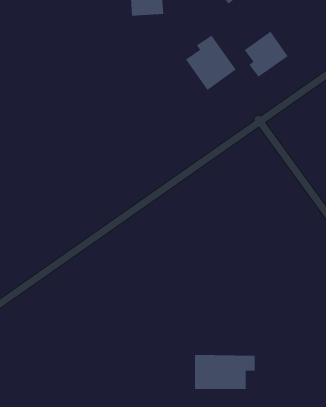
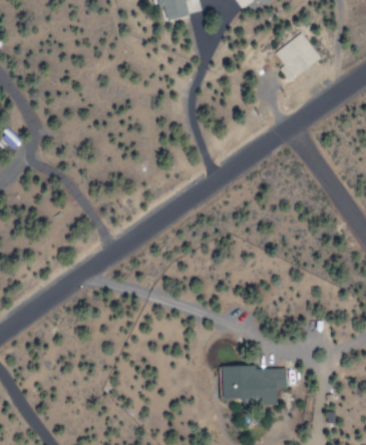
building: [185,35,237,91] -> none

